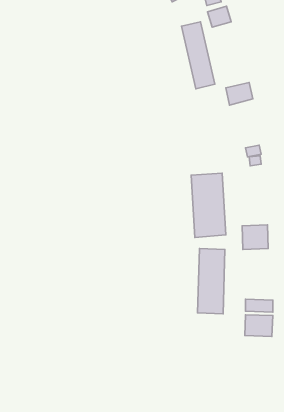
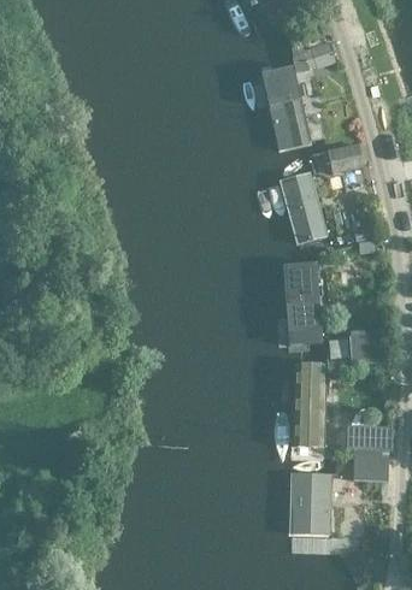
building: none -> [279,166,329,247]
building: none -> [284,470,330,536]

